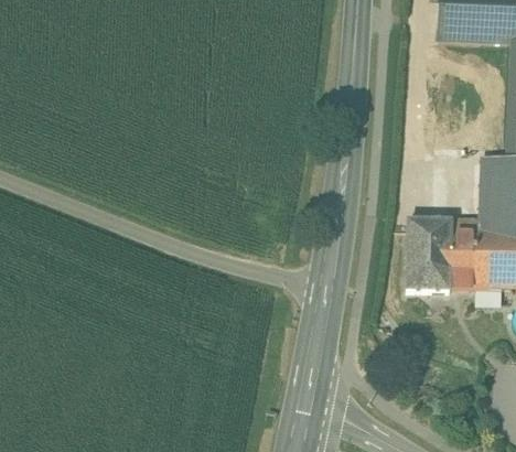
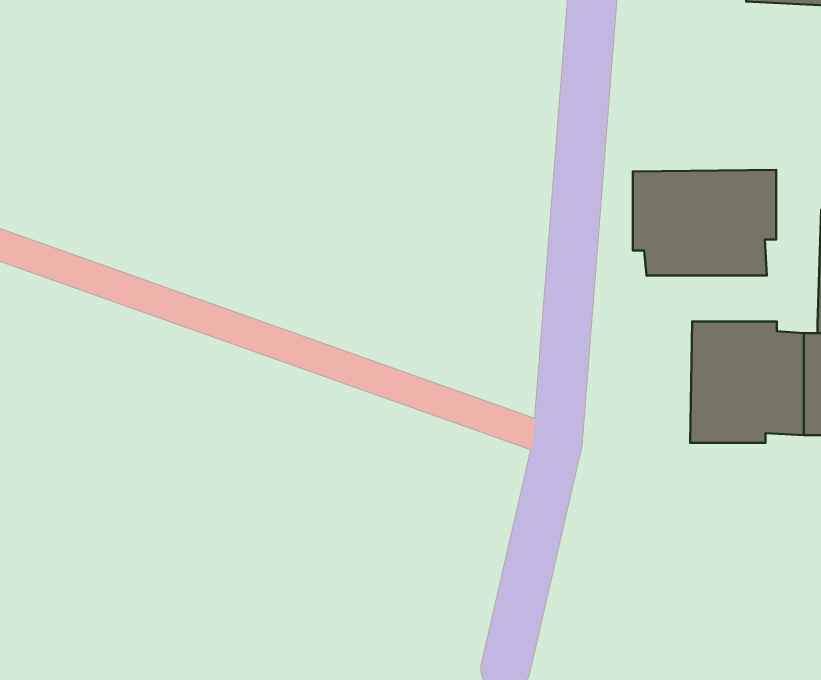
building: none -> [633,170,776,275]

